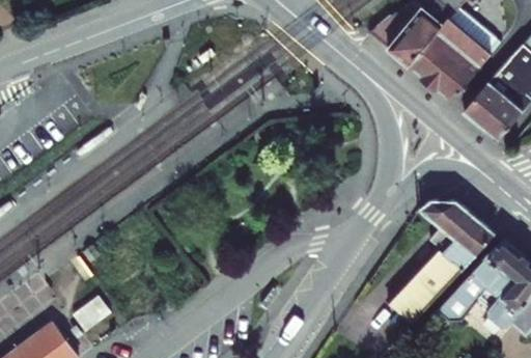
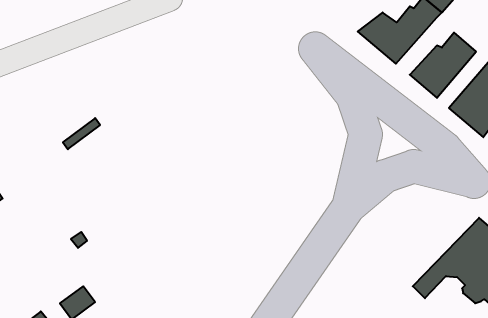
building: [419,27,479,86] -> none
building: [383,192,492,313] -> none

